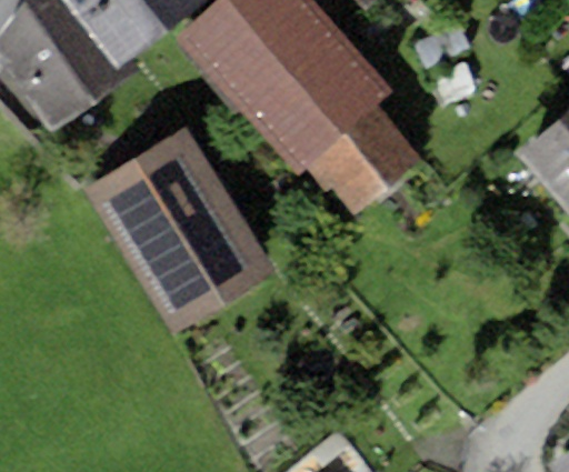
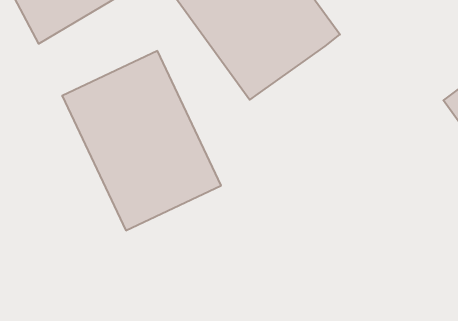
building: [307,103,423,217] -> none

